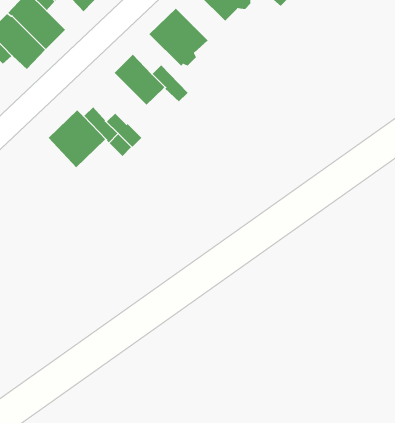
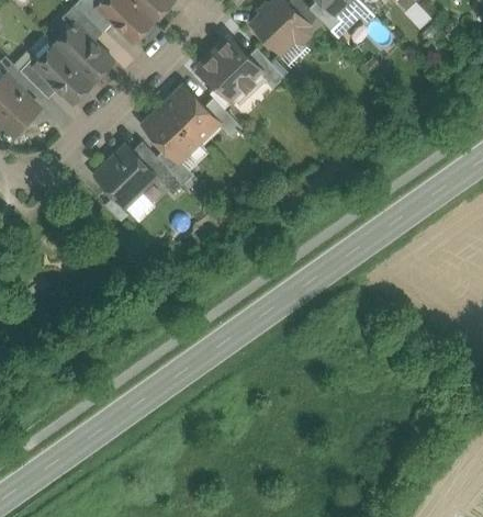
building: none -> [246,49,283,90]
building: none -> [143,108,196,161]

